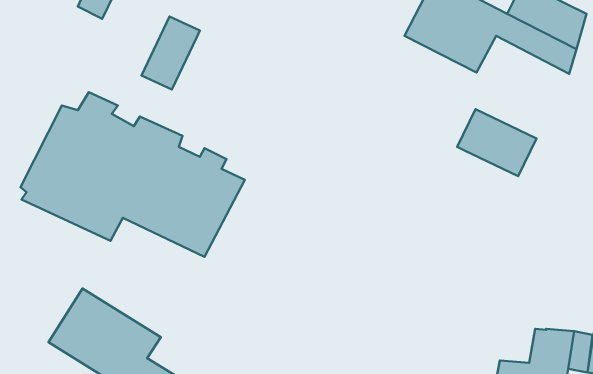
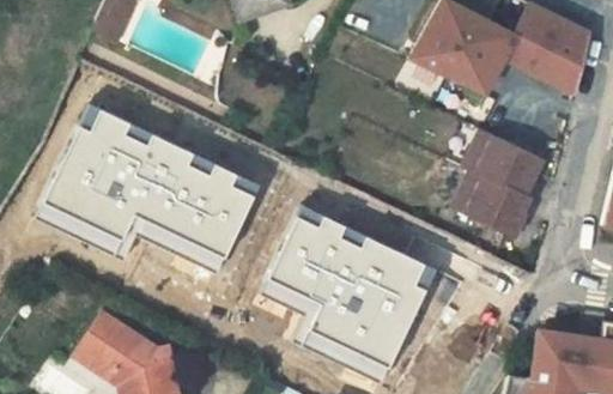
building: [142,16,200,90] -> none
building: none -> [455,169,529,236]
building: none -> [263,217,431,383]

